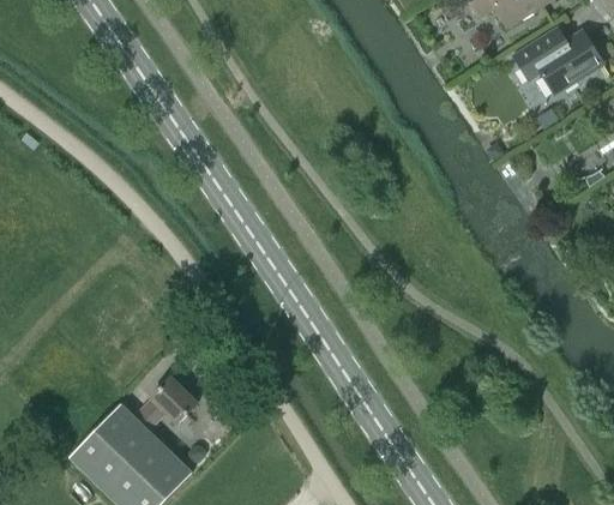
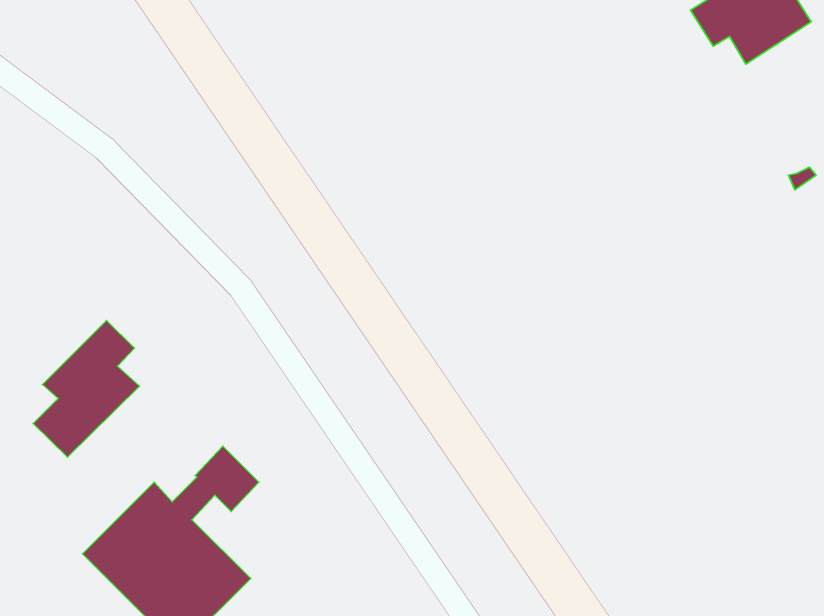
building: none -> [33,321,139,457]

